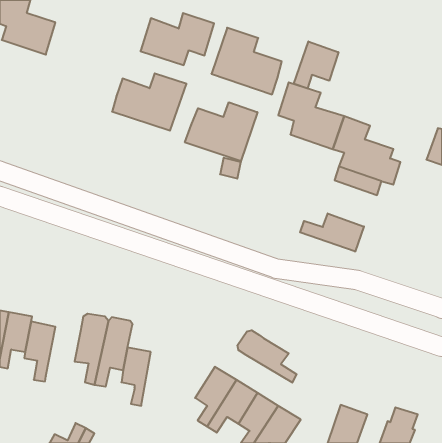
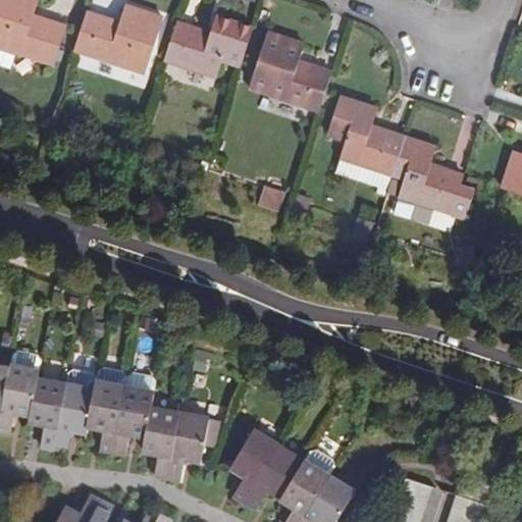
building: [294,41,338,88] -> none
building: [112,73,187,131] -> [75,5,163,72]
building: [185,102,257,161] -> none
building: [300,213,364,252] -> none
building: none -> [54,384,95,446]
building: [238,330,297,383] -> none
building: none -> [166,414,219,480]

